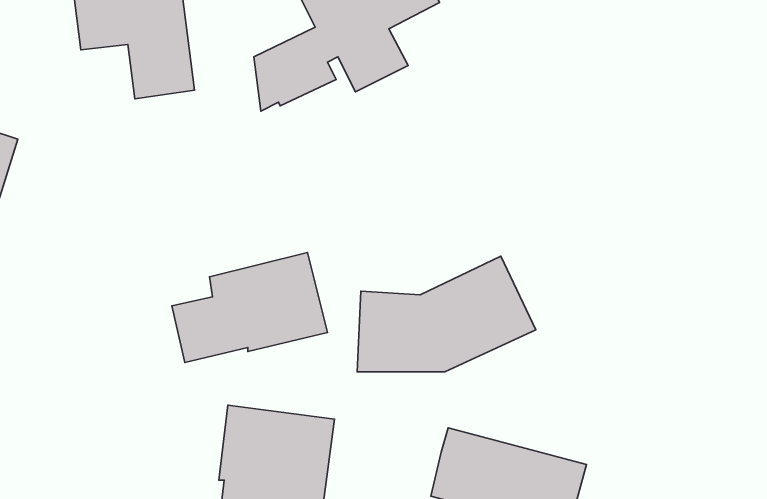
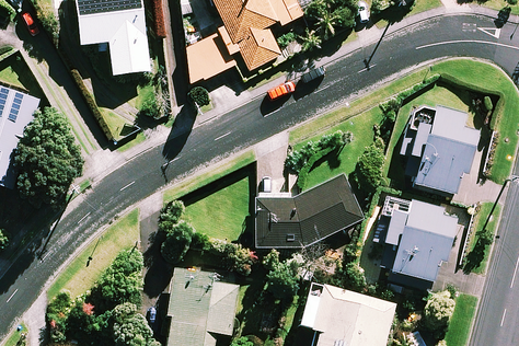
building: none -> [400,104,475,193]
building: [172,252,328,363] -> none
building: none -> [374,194,455,279]

